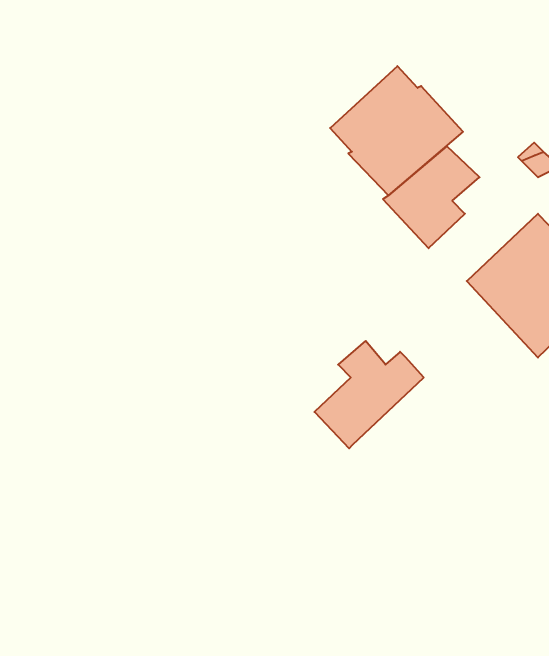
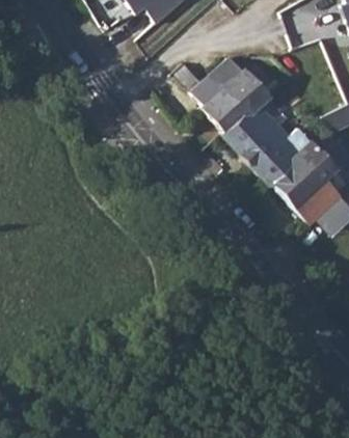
building: [314,341,424,448] -> [248,121,311,183]

